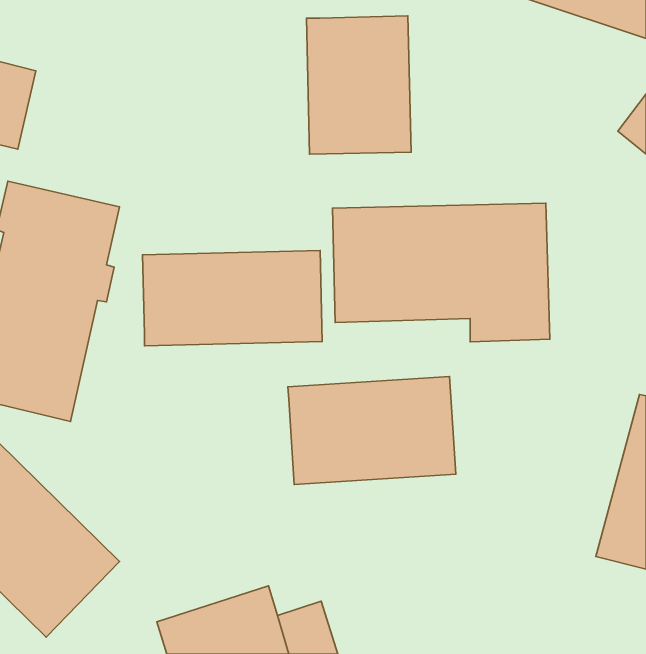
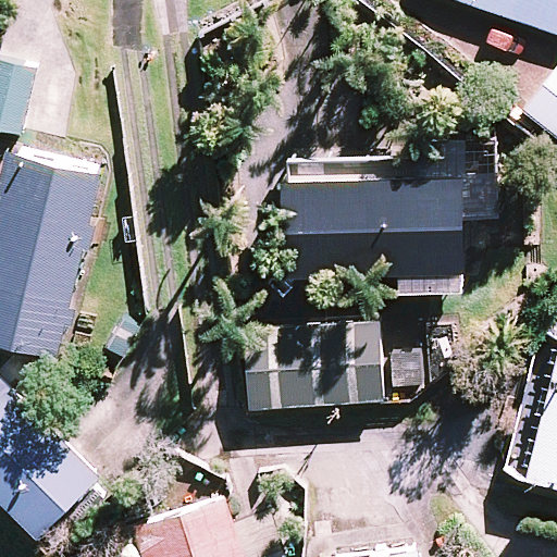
building: [306,16,411,154] -> none
building: [142,251,322,346] -> none

